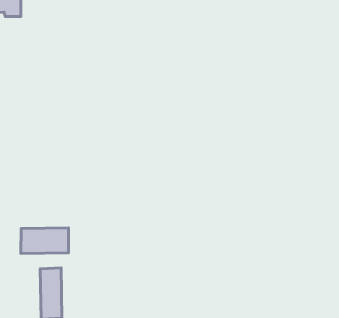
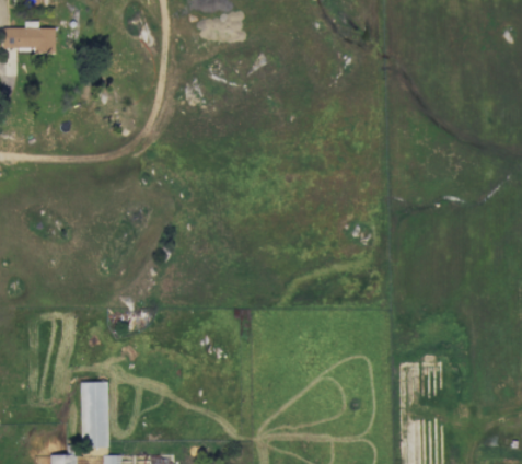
building: [21,228,68,254] -> none

